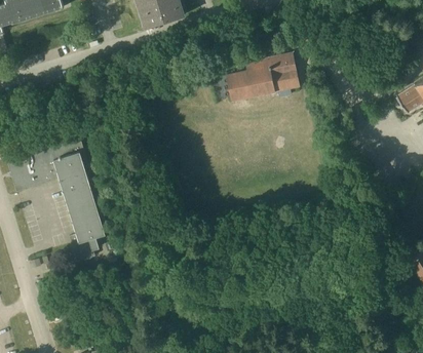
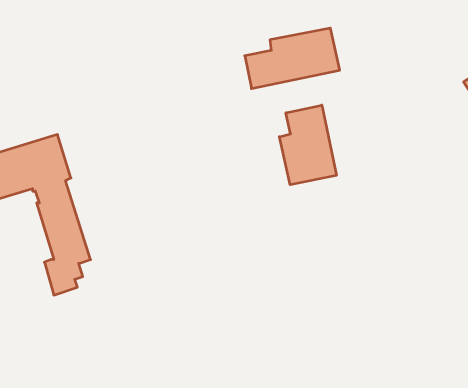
building: none -> [279,105,336,185]

